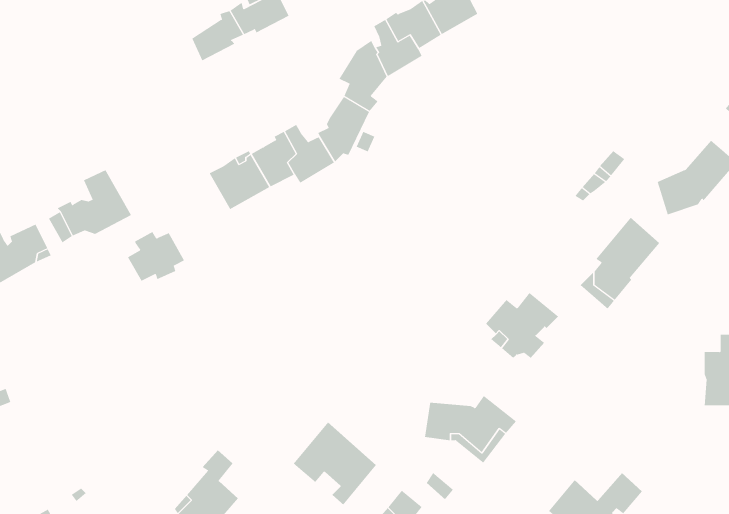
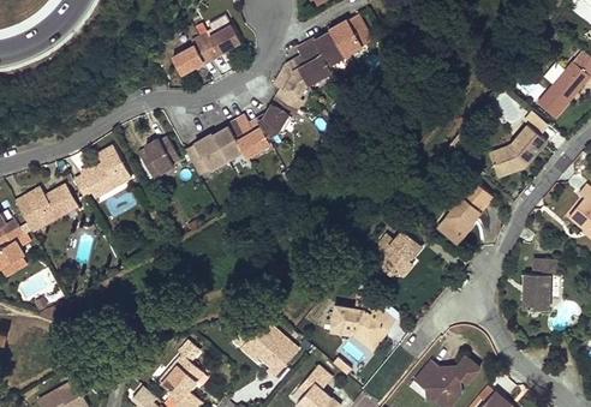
building: [127,231,185,282] -> [139,138,179,173]

